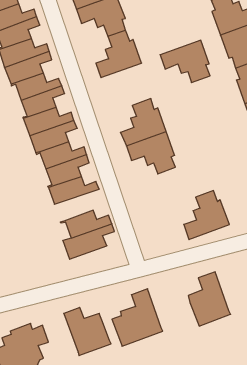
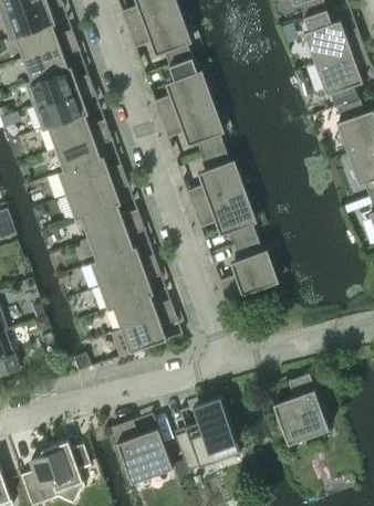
building: [160,40,210,83] -> [159,101,225,156]
building: none -> [98,265,160,308]
building: [184,191,229,240] -> [218,236,278,301]

